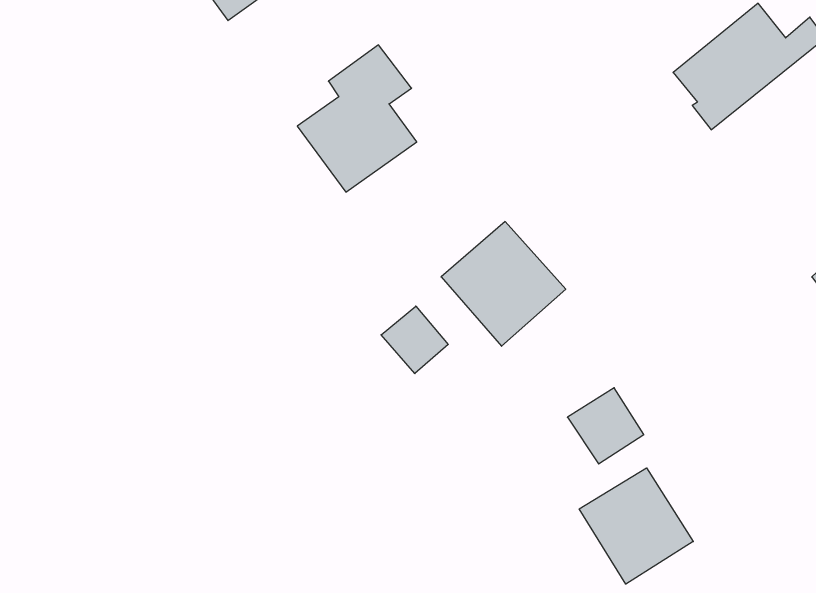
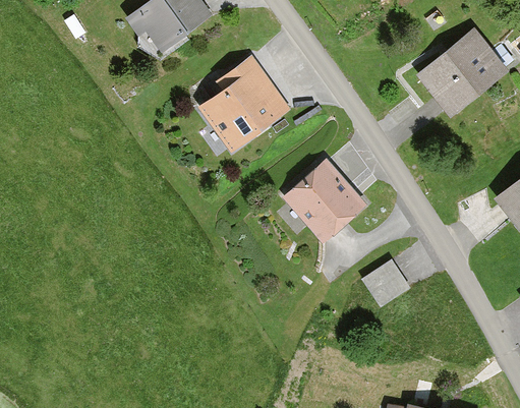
building: [381,306,448,374] -> none
building: [579,468,693,584] -> none

